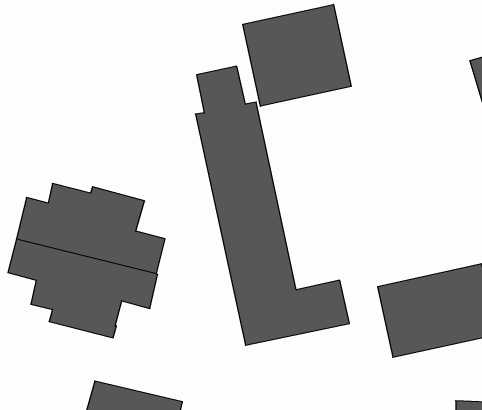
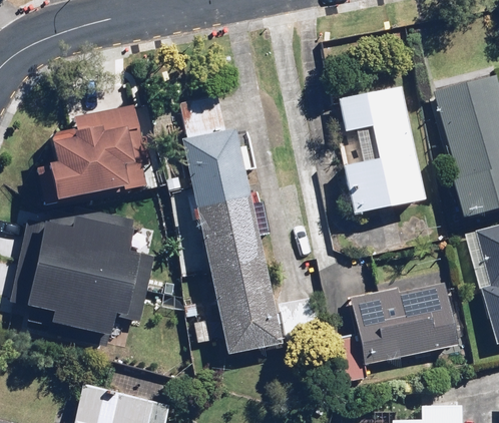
building: [243,4,351,106] -> none
building: none -> [339,85,430,215]
building: none -> [36,106,146,199]

